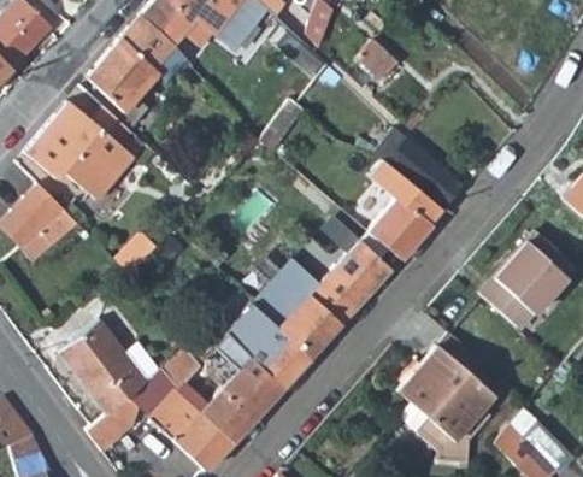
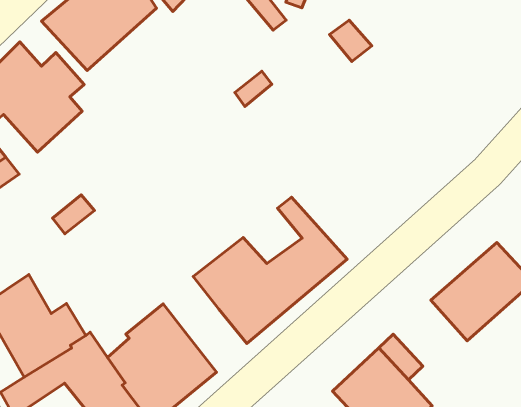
building: [370,159,444,259] -> none
building: [230,300,313,387] -> none

